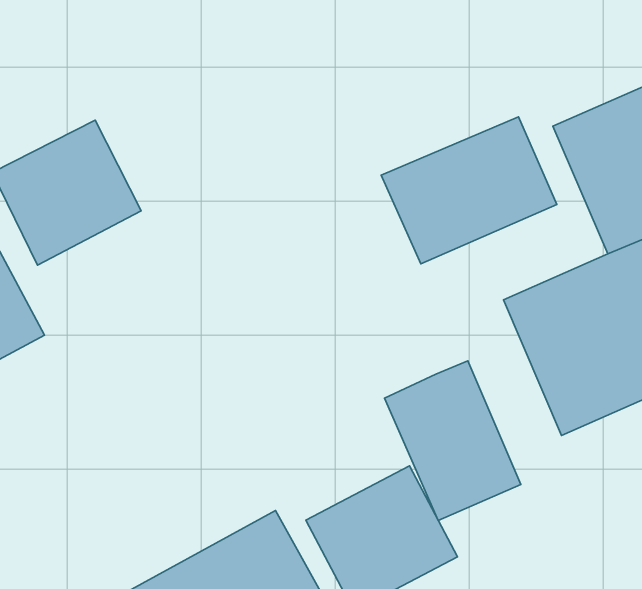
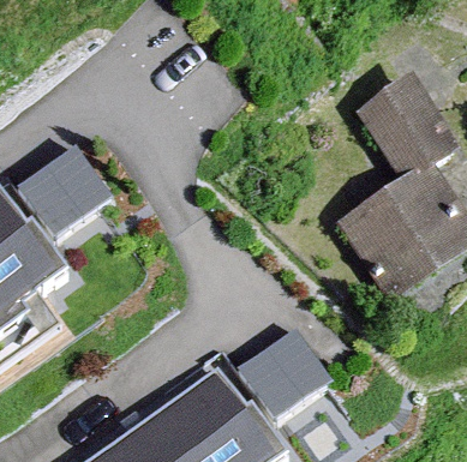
building: [381,117,557,264] -> none
building: [384,361,521,521] -> none

